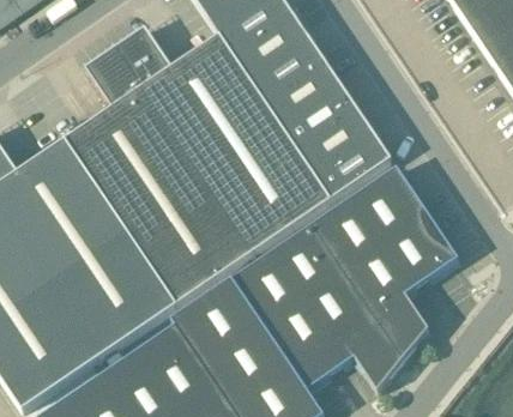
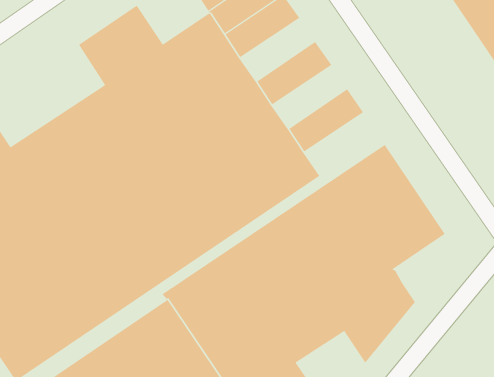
building: [249,40,326,104] -> none
building: [282,87,358,152] -> none
building: [314,135,391,200] -> none

